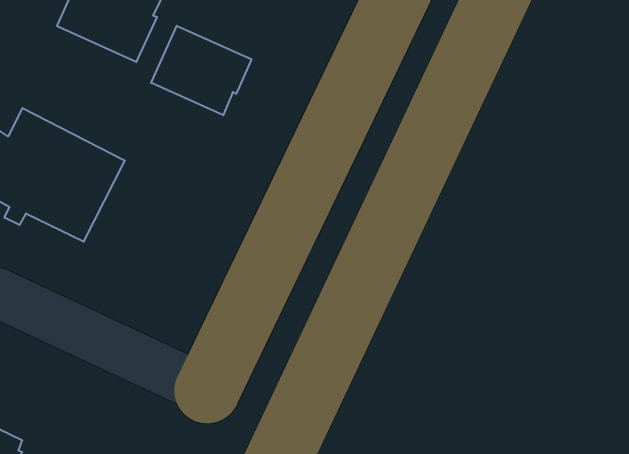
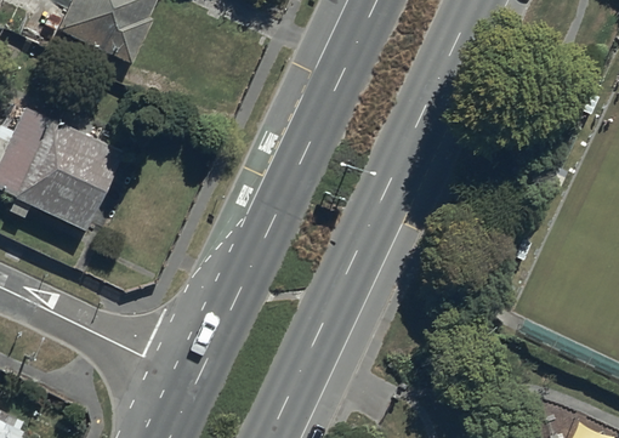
building: [151,26,251,115] -> none

